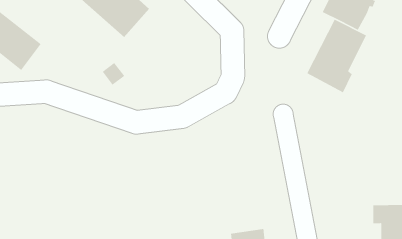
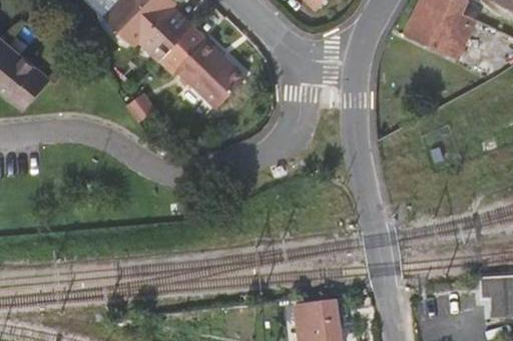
building: none -> [164,29,250,108]
building: [307,19,367,93] -> none

